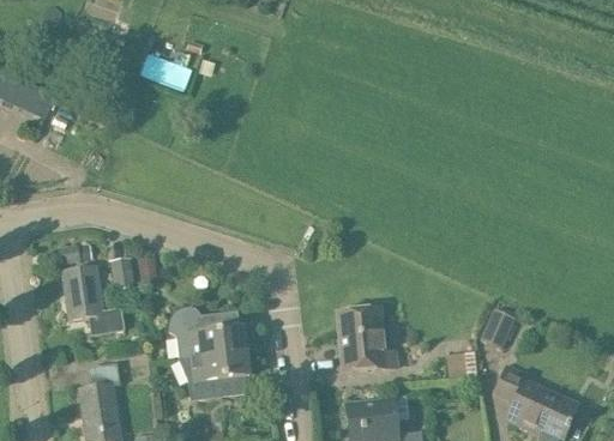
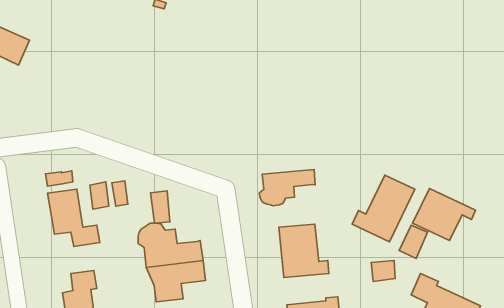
building: none -> [259,170,315,206]
building: none -> [352,175,415,242]
building: none -> [413,189,475,240]
building: none -> [150,191,170,223]

